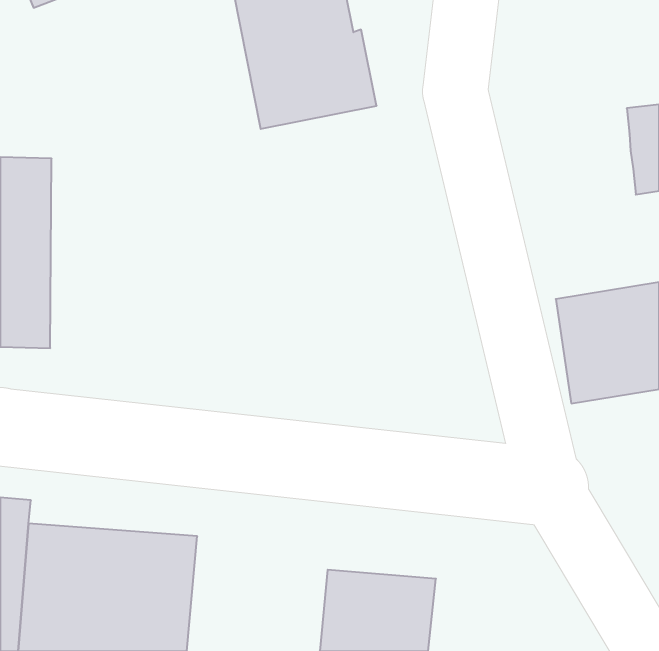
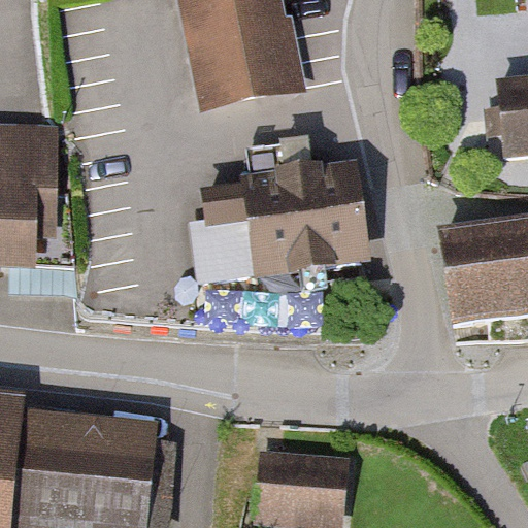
building: none -> [196,146,364,280]

